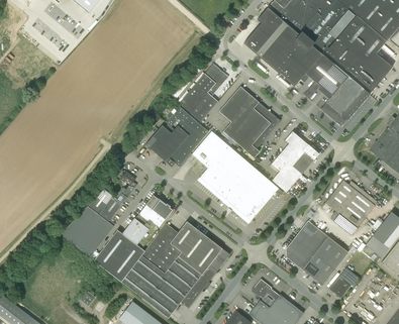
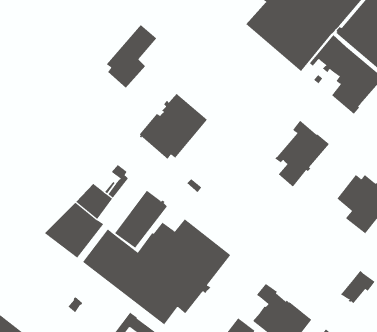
building: [182,63,228,121] -> [106,24,157,89]
building: [219,86,280,157] -> none
building: [192,130,279,220] -> none
building: [286,220,348,284] -> none

